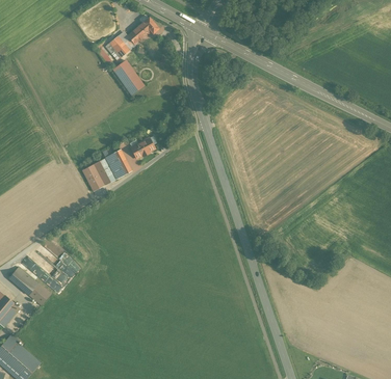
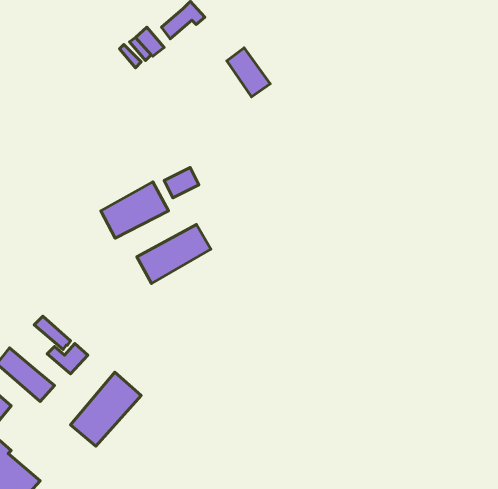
building: [113,60,145,96] -> [227,48,270,97]
building: none -> [137,224,211,283]
building: none -> [70,372,141,446]

